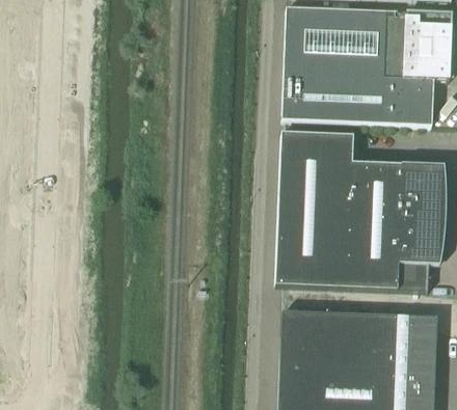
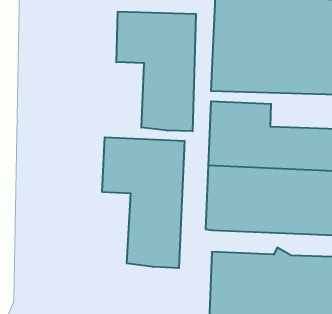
building: none -> [116,12,196,131]
building: none -> [102,137,184,268]

